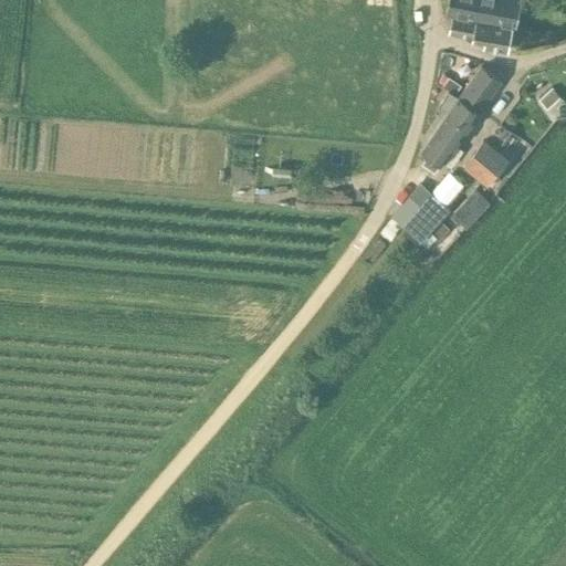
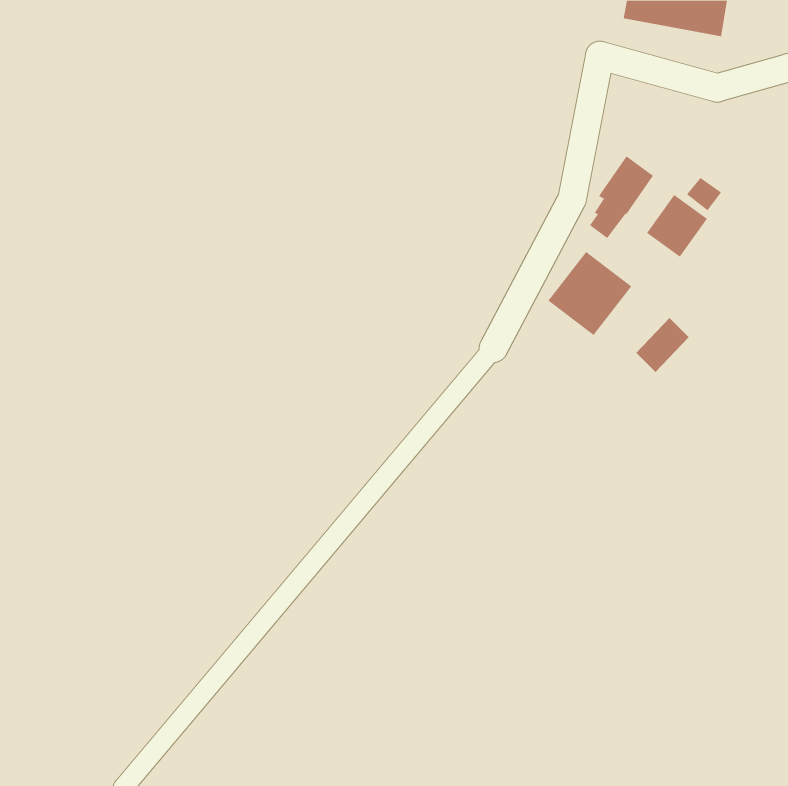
building: [451,19,512,52] -> none
building: [439,67,502,127] -> none
building: [452,189,491,229] -> [636,317,690,373]

